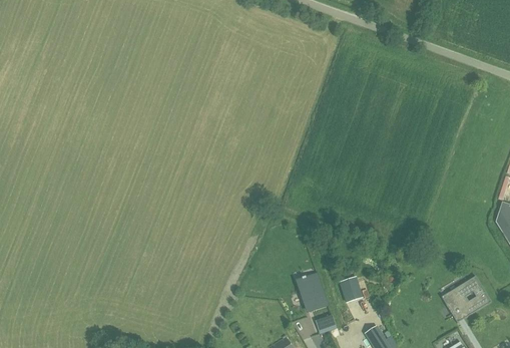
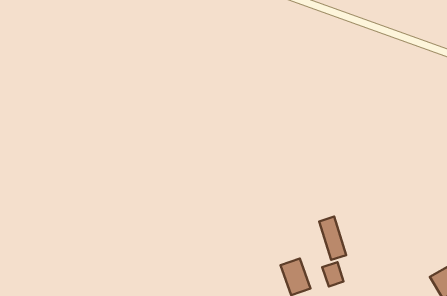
building: none -> [319,217,346,260]

